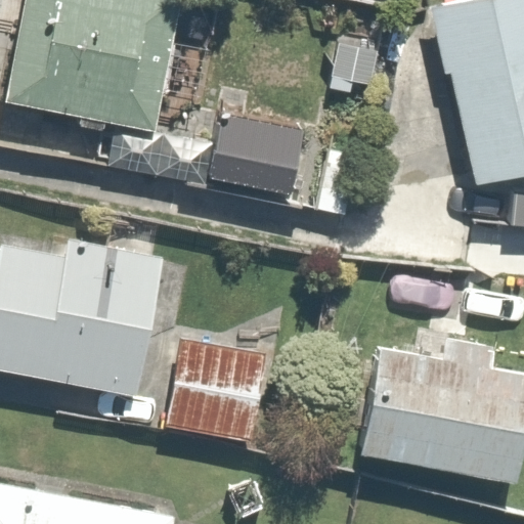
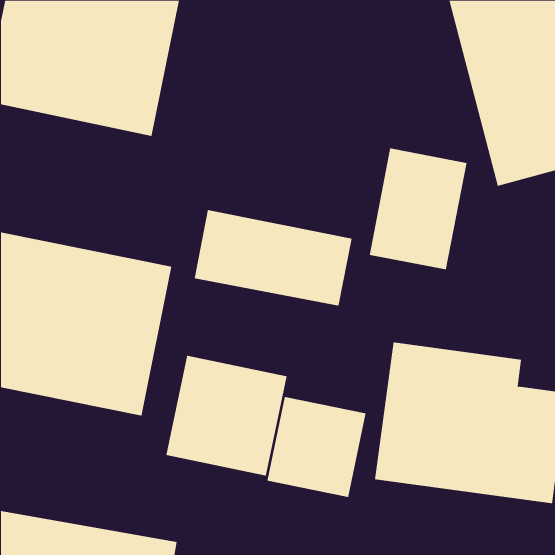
building: [184,124,331,213] -> [194,210,353,306]
building: none -> [369,148,467,270]
building: none -> [267,396,366,498]

